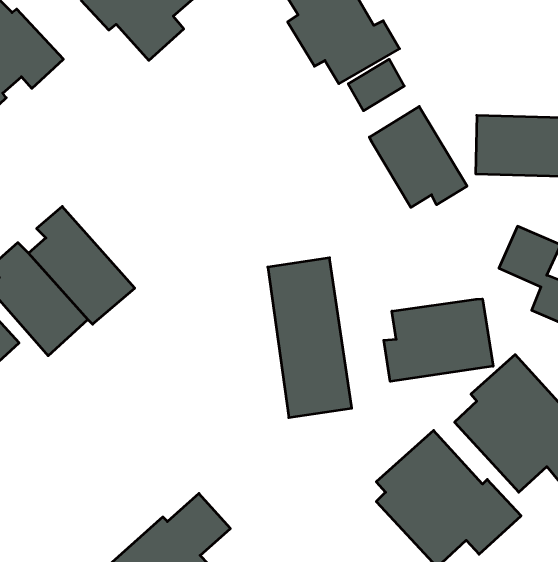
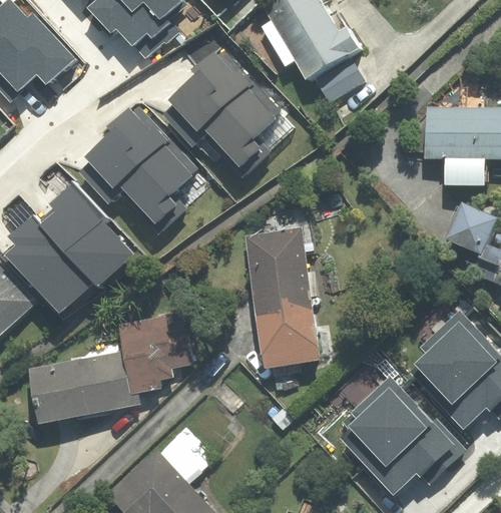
building: none -> [165,43,285,181]
building: [369,106,467,207] -> none
building: none -> [79,106,198,235]
building: [384,299,493,381] -> none
building: none -> [30,319,192,421]

